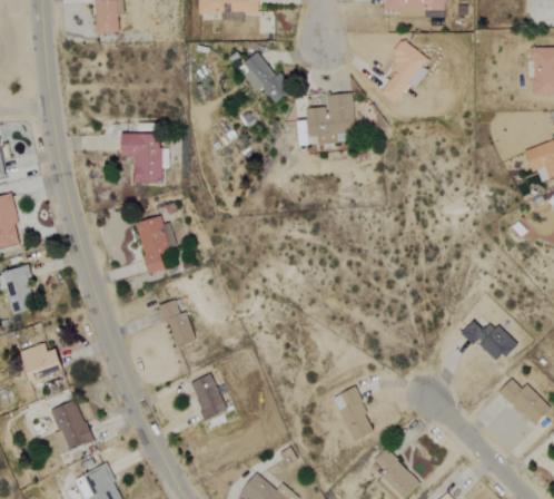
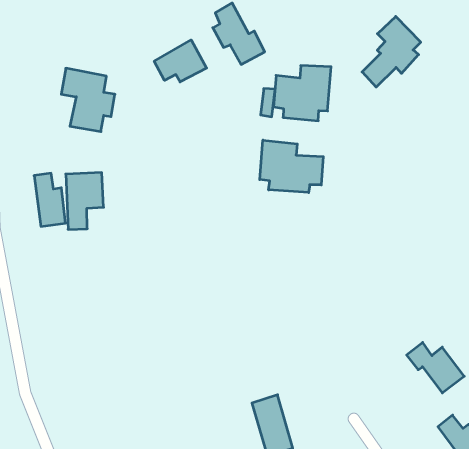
building: none -> [154,40,207,82]
building: none -> [260,140,323,193]
building: [160,300,195,348] -> [34,173,66,226]
building: [189,373,227,419] -> none

